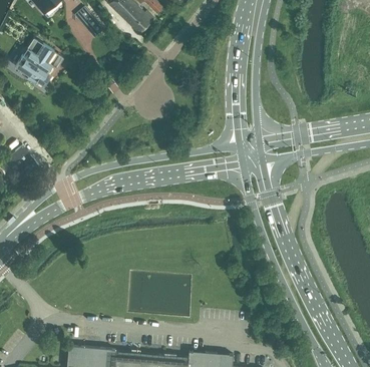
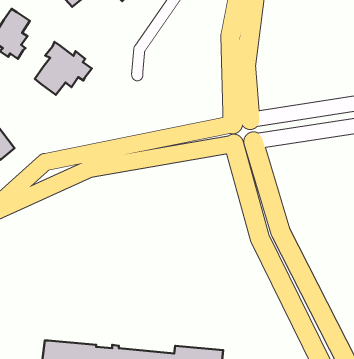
building: none -> [35,42,92,95]

